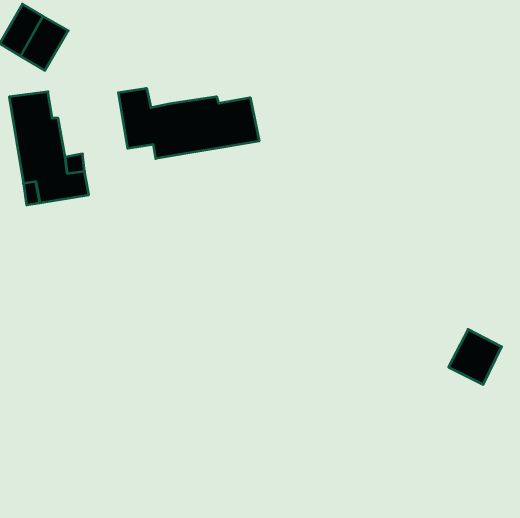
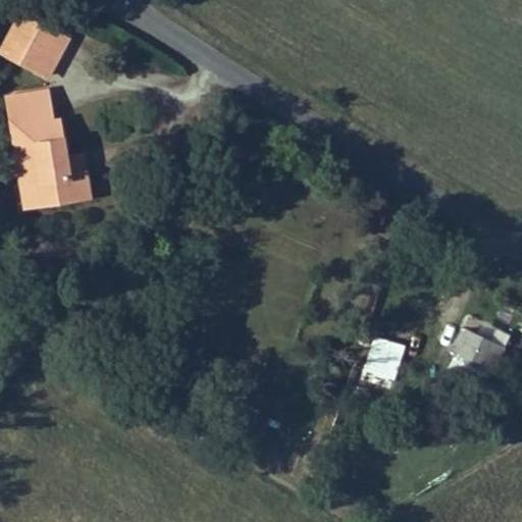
building: [118,88,259,159] -> none
building: none -> [363,336,404,380]

